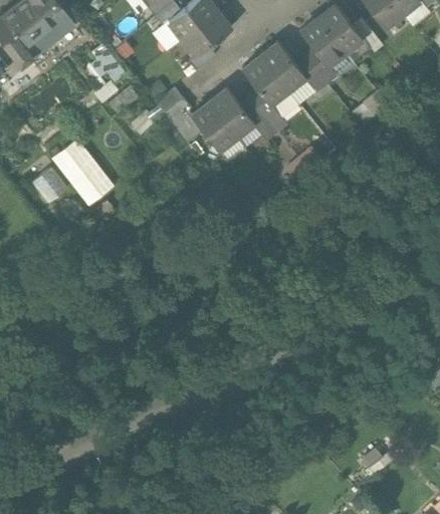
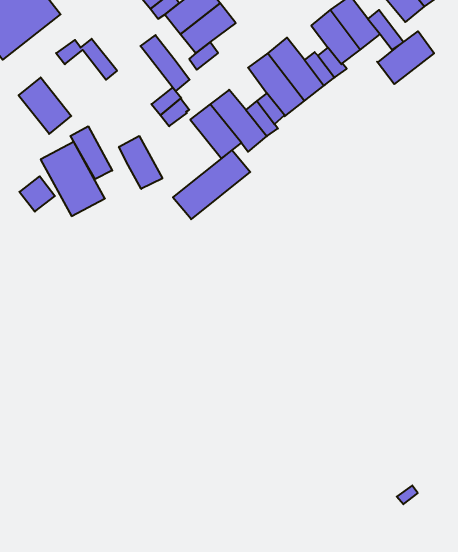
building: none -> [377,31,434,84]
building: none -> [140,35,190,91]
building: none -> [19,77,71,134]
building: none -> [70,126,112,179]
building: none -> [119,136,162,189]
building: none -> [173,150,250,219]

